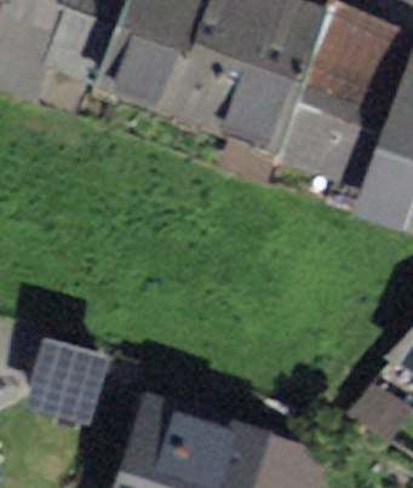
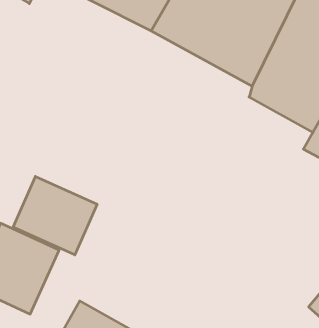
building: none -> [13,176,97,255]

